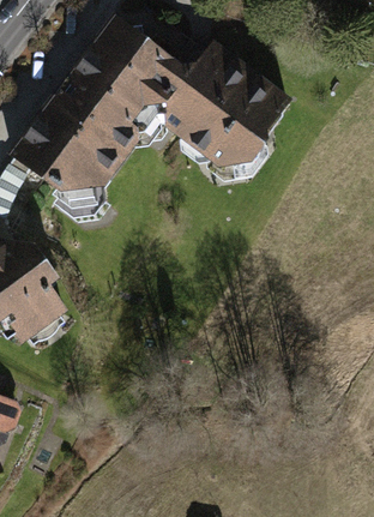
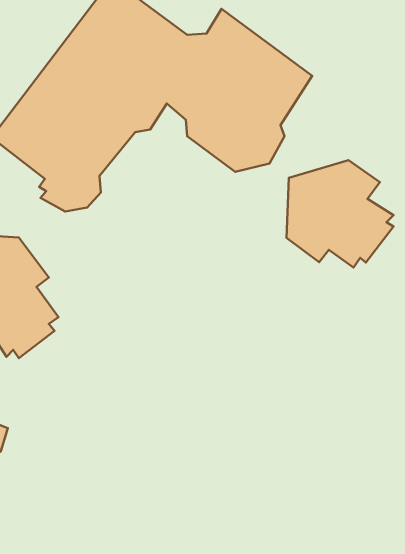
building: none -> [287,160,393,268]

